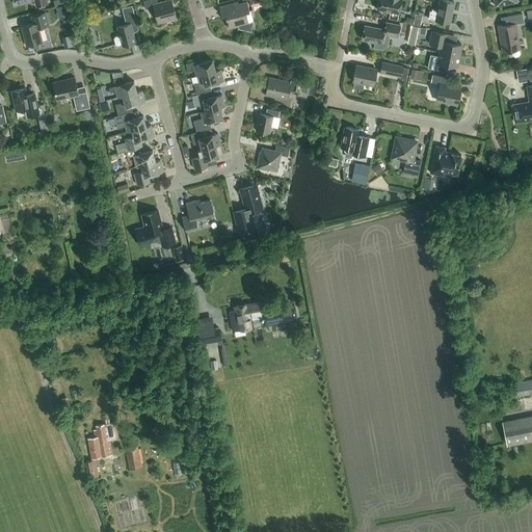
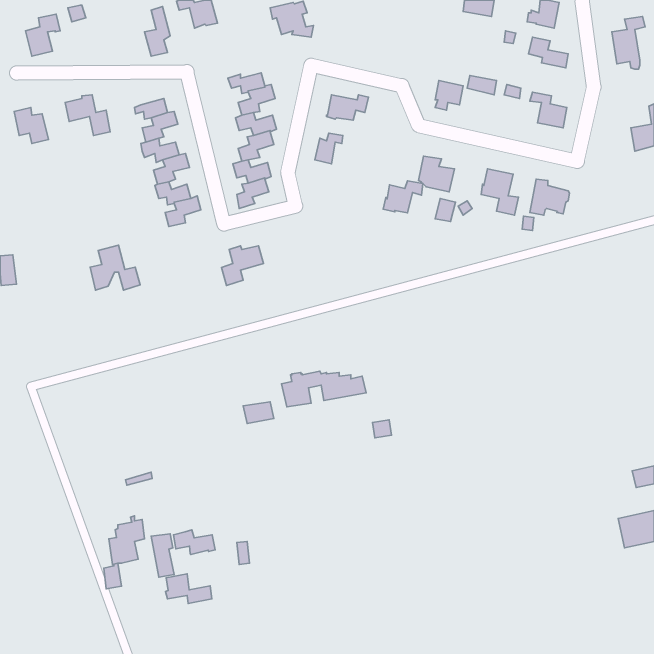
building: [362,22,400,49] -> none
building: [427,51,459,71] -> none
building: [257,144,289,170] -> [383,181,423,213]
building: [233,184,263,231] -> none
building: [135,210,176,246] -> [90,245,140,290]
building: none -> [173,530,215,555]
building: none -> [165,574,212,603]

